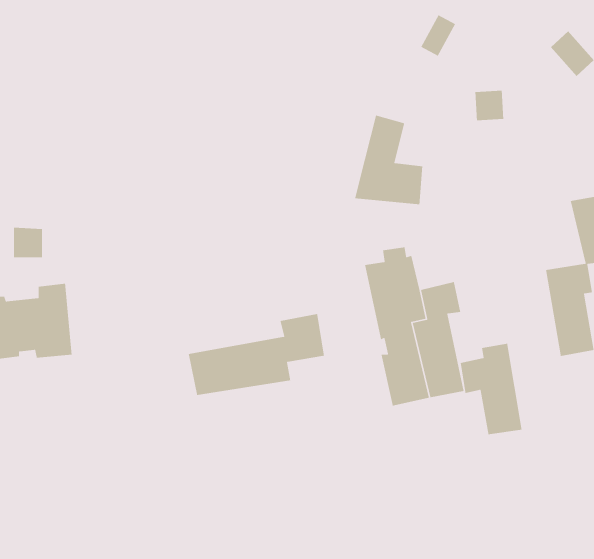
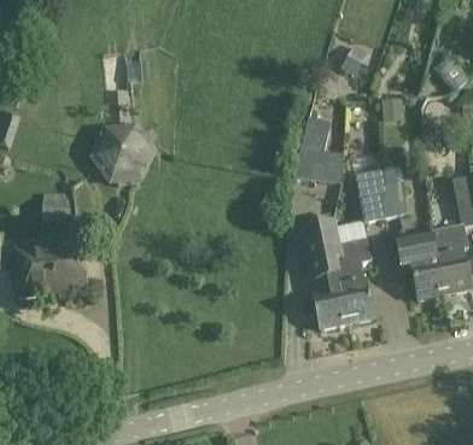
building: none -> [90,103,156,181]
building: none -> [354,165,408,222]
building: [188,313,325,396] -> none
building: [460,343,523,435] -> [398,229,444,297]

